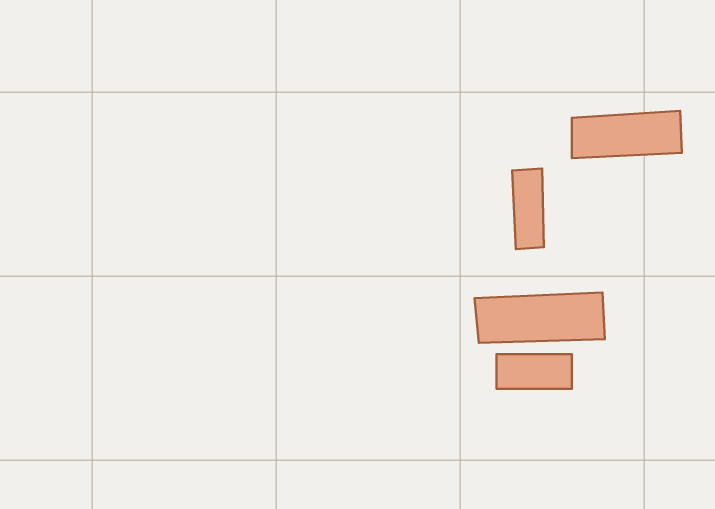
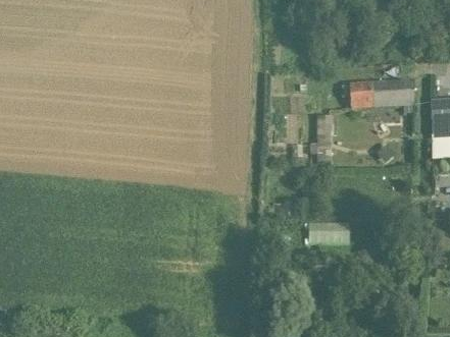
building: [475,293,605,343] -> none

